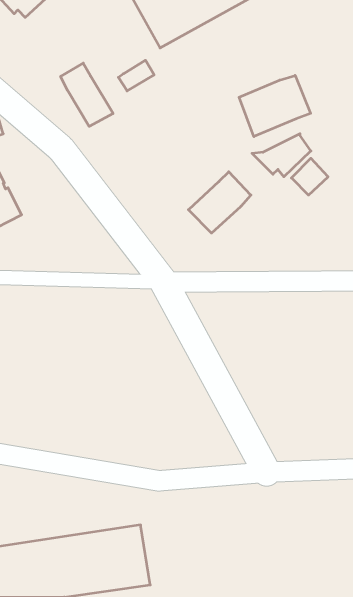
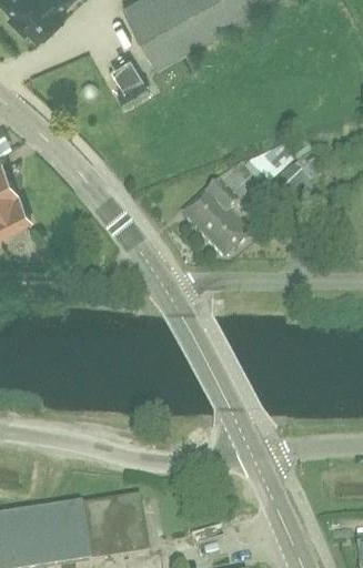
building: [61,63,113,126] -> none
building: [239,75,311,137] -> none
building: none -> [202,210,250,256]

